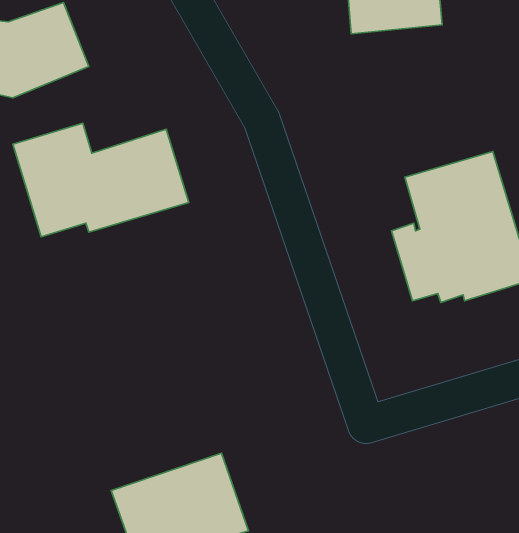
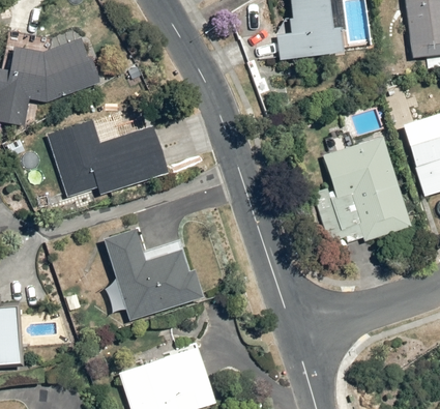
building: none -> [100,230,199,322]

